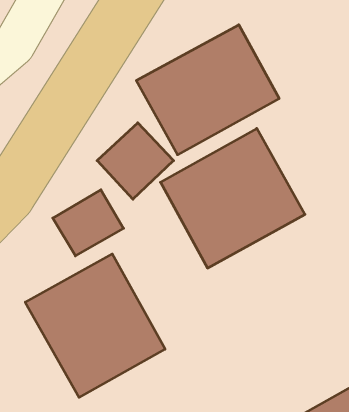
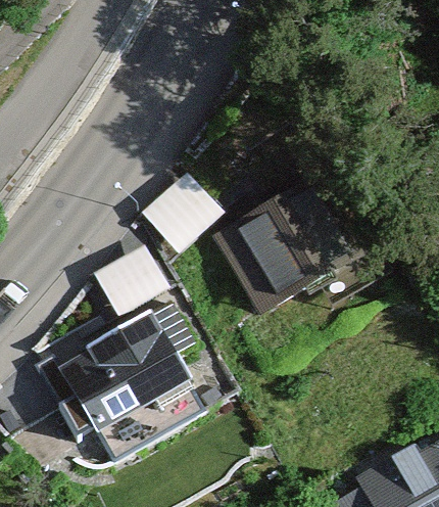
building: [136,25,279,155] -> none

